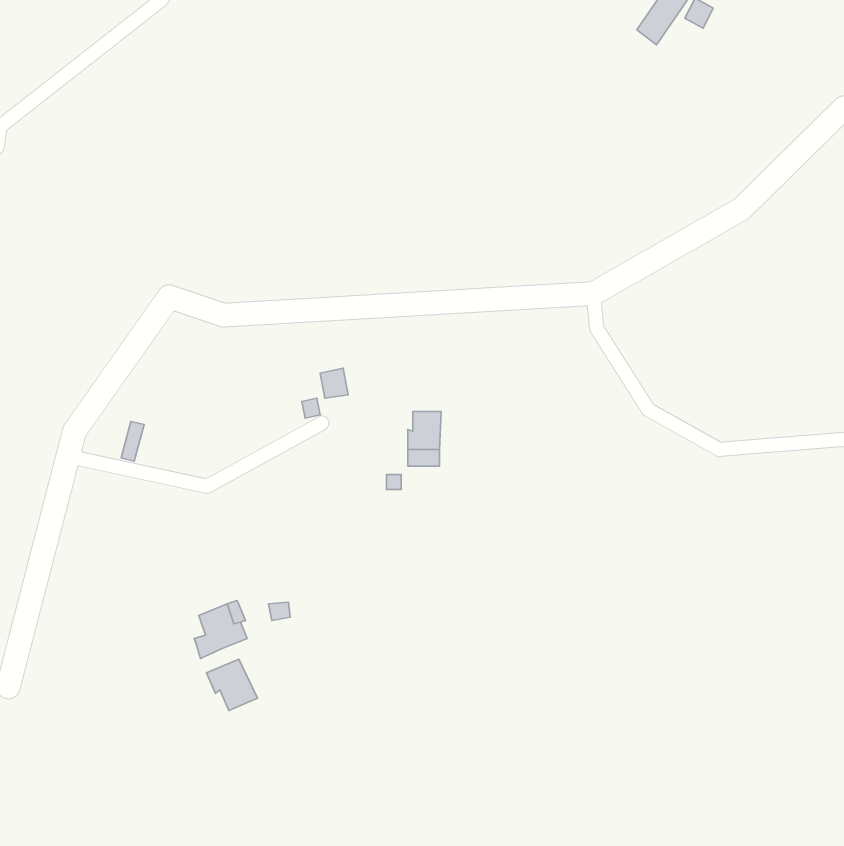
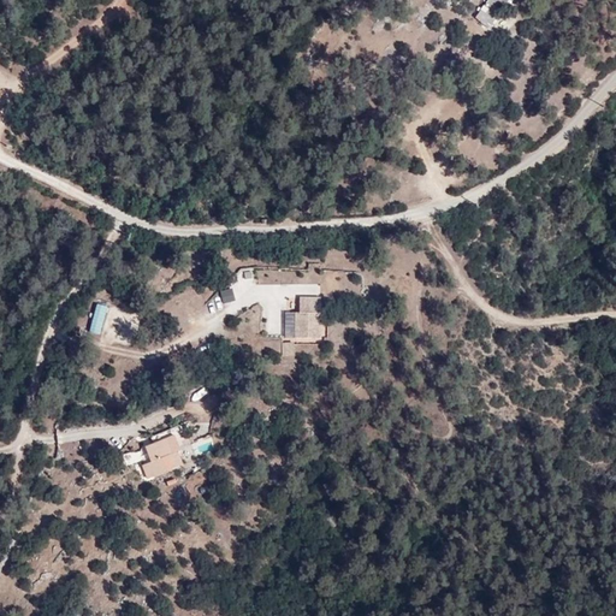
building: [207,659,258,710] -> none

